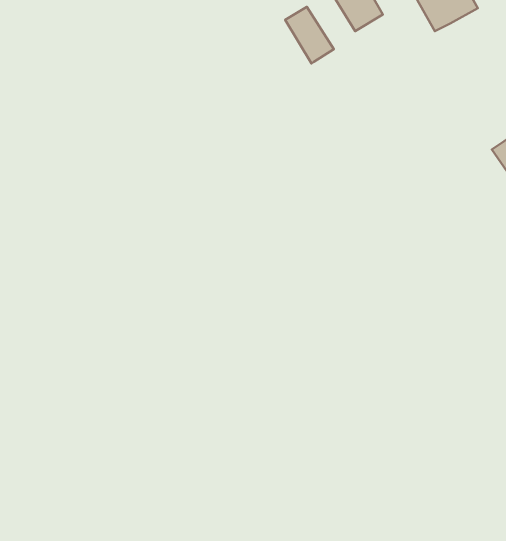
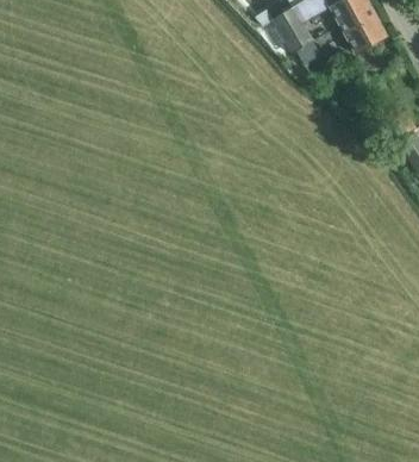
building: [285,7,334,63] -> none

